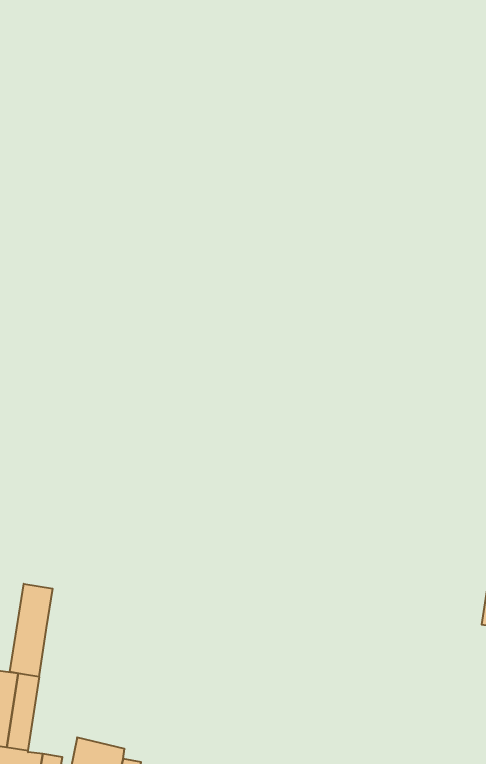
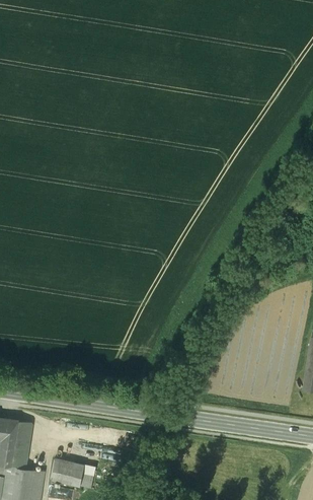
building: [10,584,53,677] -> none

